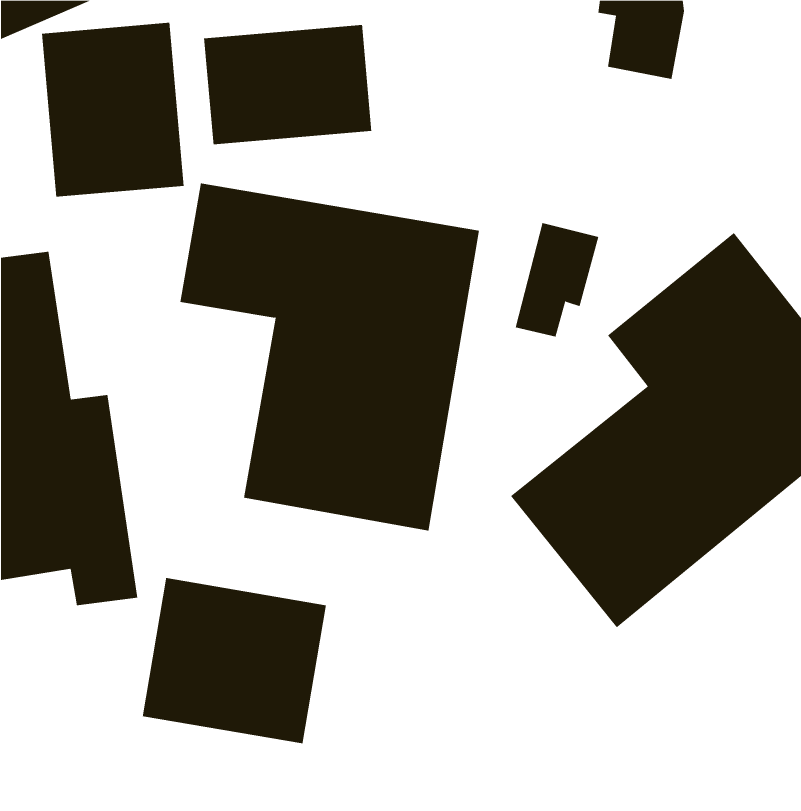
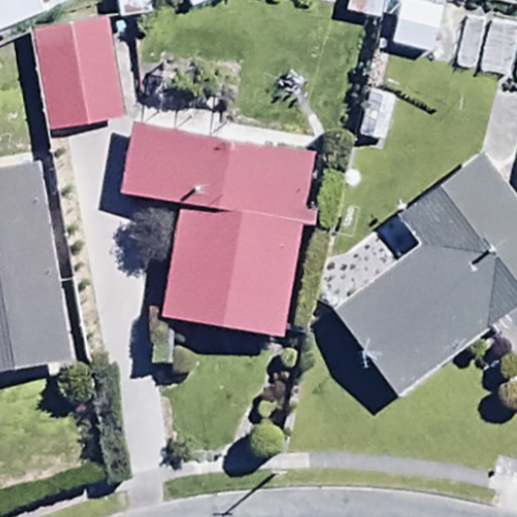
building: [204,24,372,145] -> none
building: [142,577,327,744] -> none

